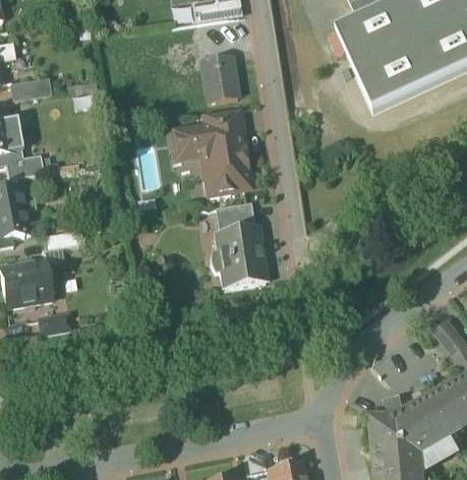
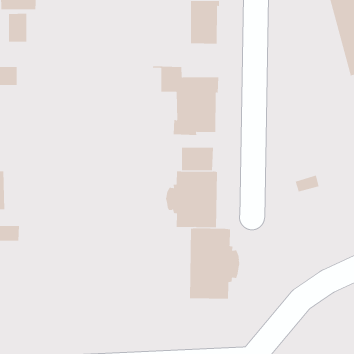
building: none -> [8,13,27,43]
building: [202,109,242,138] -> none
building: none -> [189,227,240,299]

